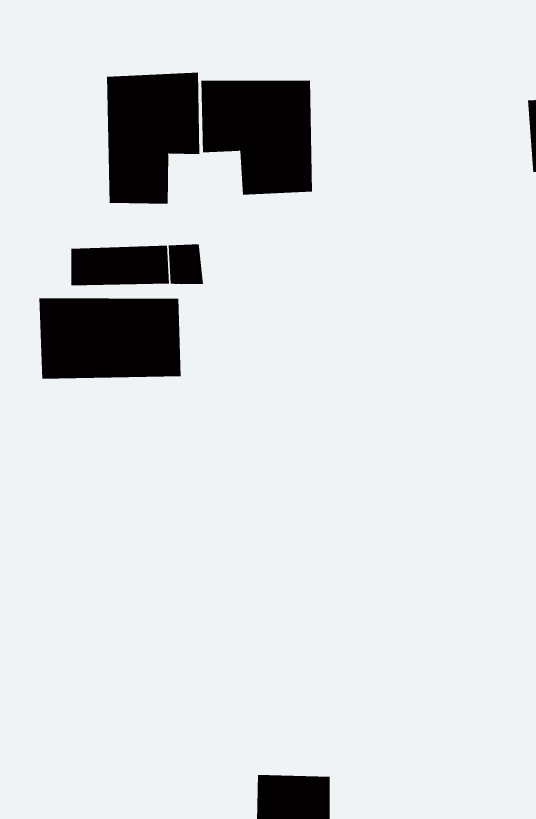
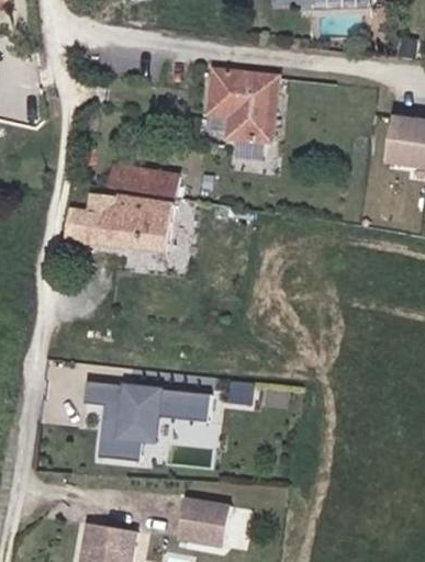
building: [107,72,200,204] -> none
building: none -> [85,384,211,462]

